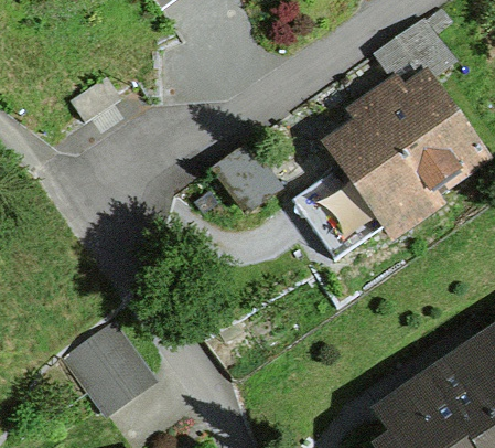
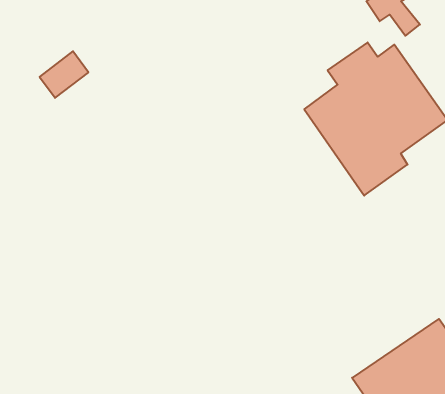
building: [66,324,152,417] -> none

